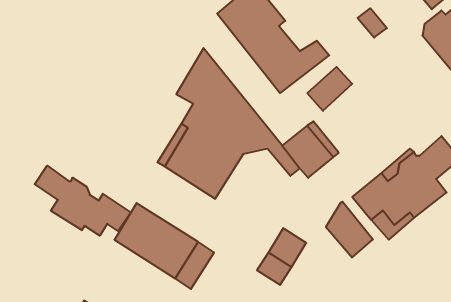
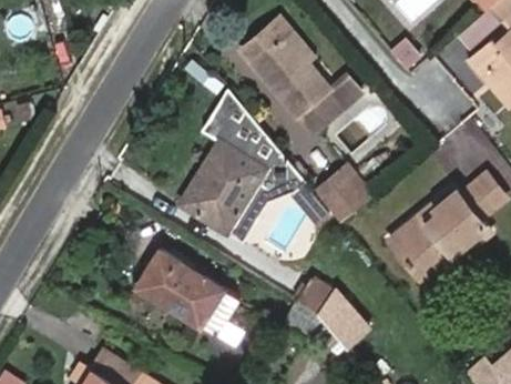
building: [35,166,131,236] -> none
building: [326,202,373,257] -> [323,289,372,347]

